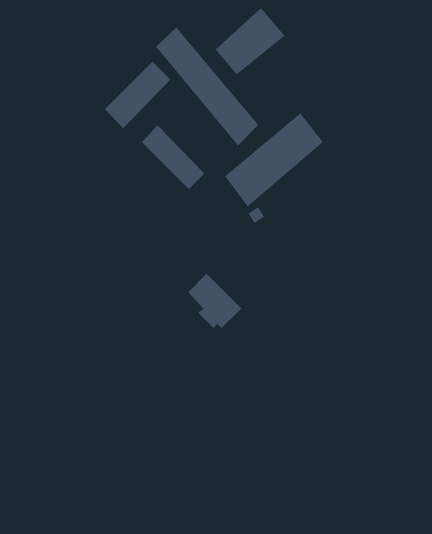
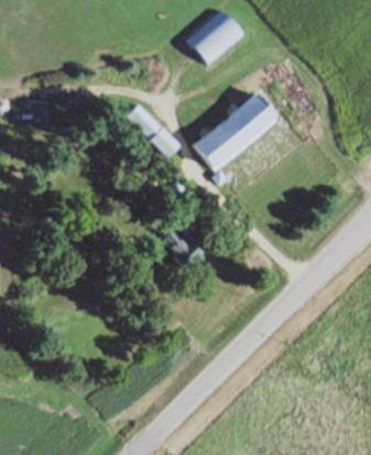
building: [155,26,259,147] -> none
building: [104,61,171,129] -> none

